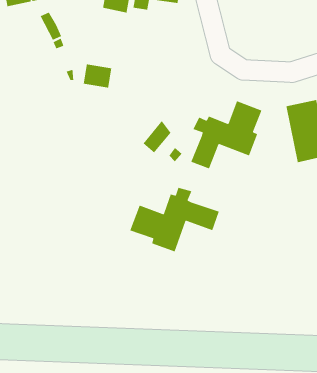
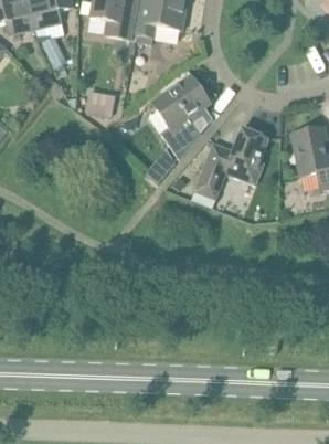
building: none -> [151,74,211,158]
building: [129,187,220,253] -> none

